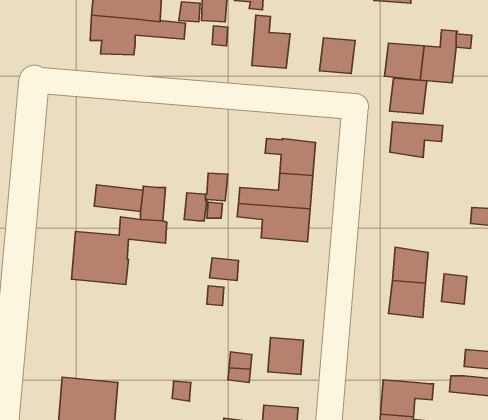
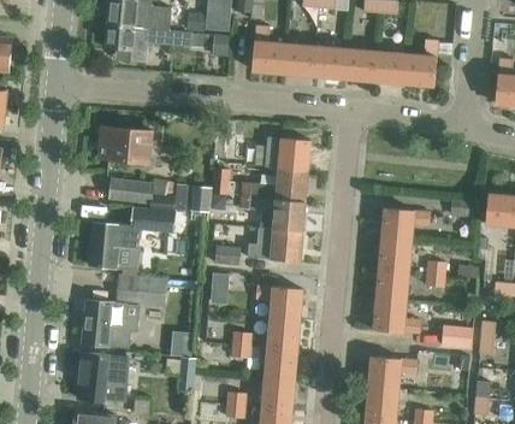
building: none -> [283,42,316,76]
building: [390,78,427,114] -> [342,48,375,81]
building: [390,122,443,157] -> [381,208,430,241]
building: none -> [97,126,152,164]
building: none -> [247,228,302,263]
building: none -> [81,275,167,348]
building: none -> [255,287,302,320]
building: none -> [373,296,420,334]
building: none -> [262,349,296,382]

